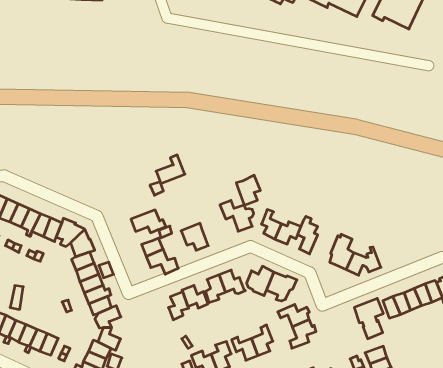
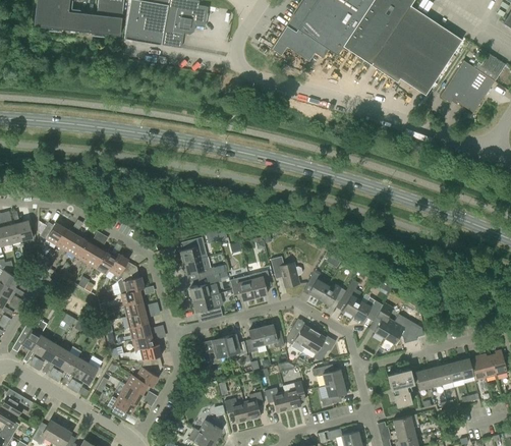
building: [156,155,185,183] -> [180,237,208,263]
building: [236,175,260,205] -> [249,270,272,297]
building: none -> [351,297,381,324]

